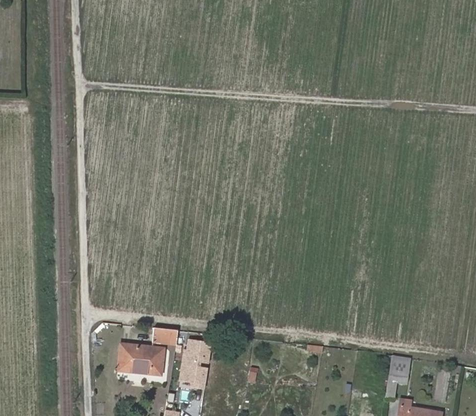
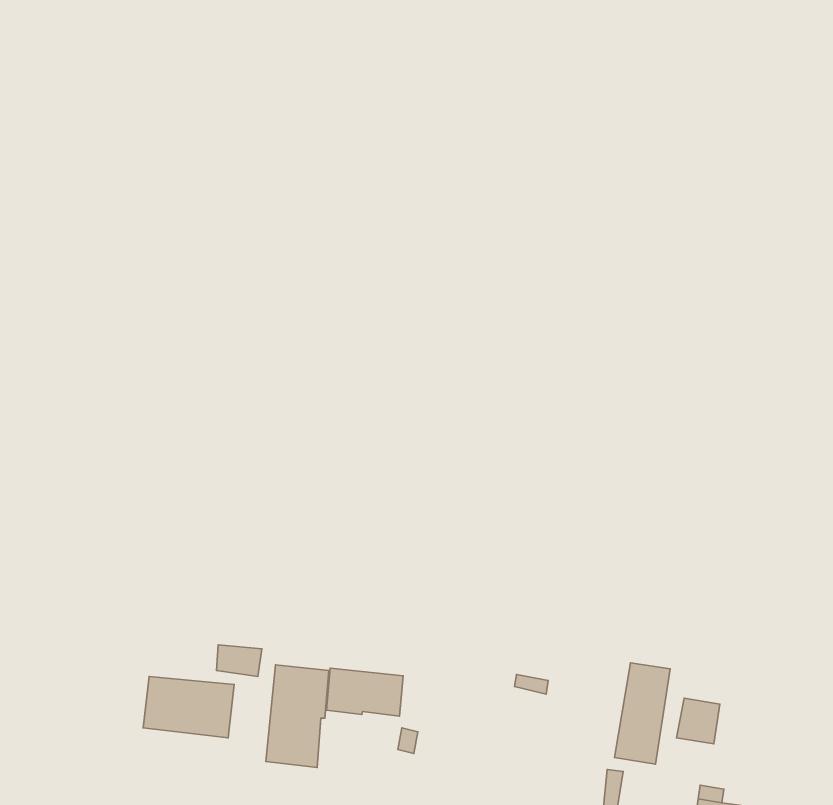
building: none -> [614,663,670,764]
building: none -> [326,668,403,716]

